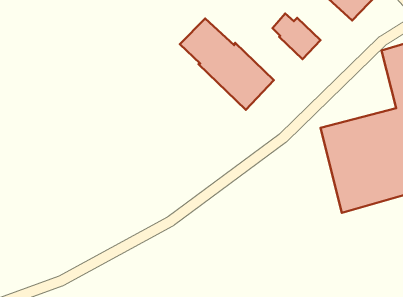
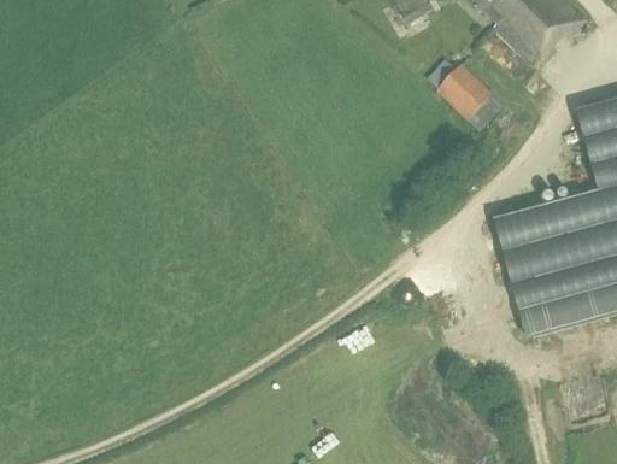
building: [180,19,274,110] -> none

